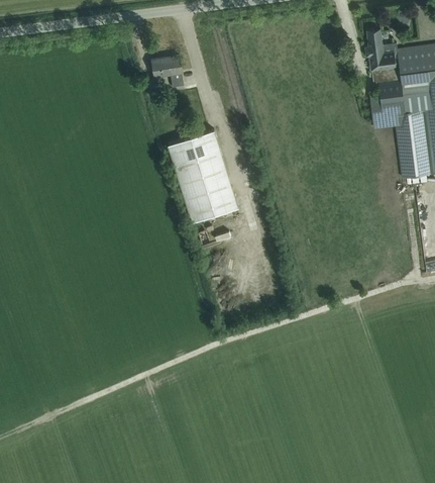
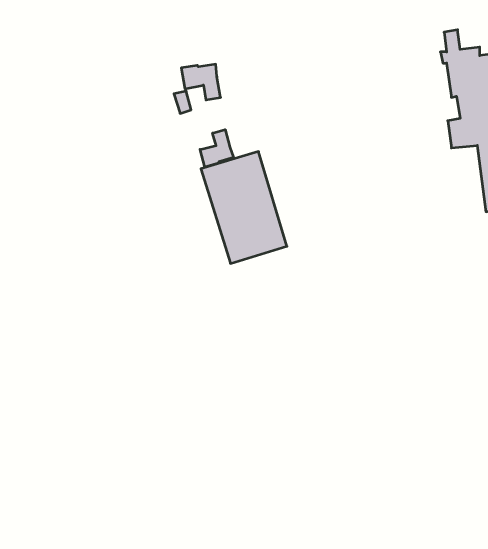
building: none -> [200,130,233,167]

